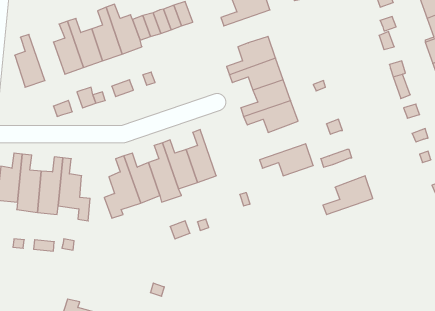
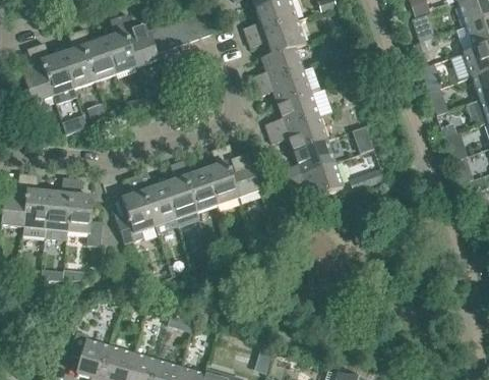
building: none -> [246,18,305,54]
building: none -> [36,42,77,103]
building: none -> [221,145,260,198]
building: [323,176,373,215] -> [281,139,334,180]

